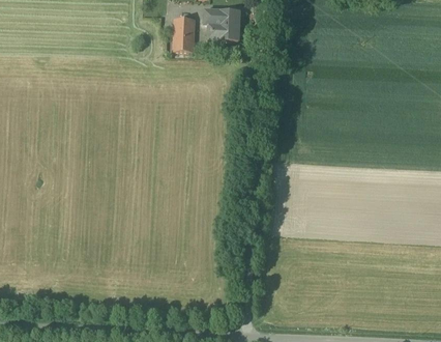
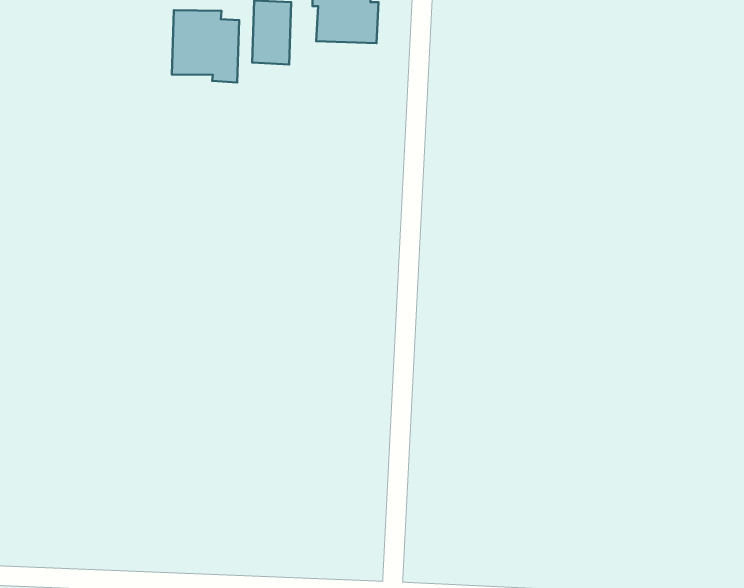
building: none -> [172,10,239,82]

